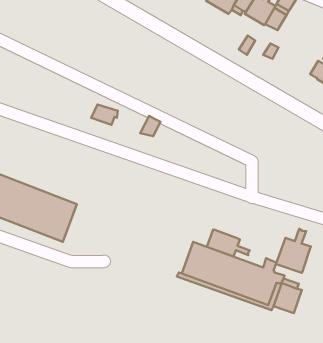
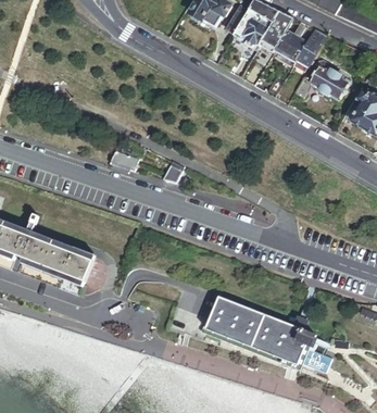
building: none -> [310,61,348,100]
building: [276,229,311,273] -> none
building: [207,230,250,257] -> none

